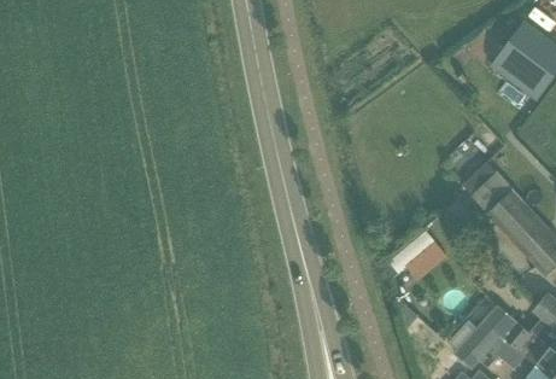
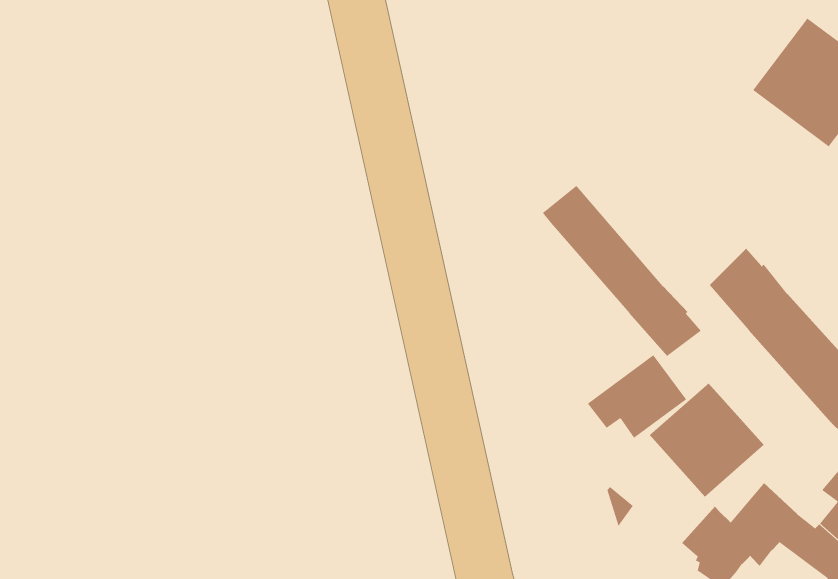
building: none -> [542,185,702,357]
building: none -> [649,382,764,498]

